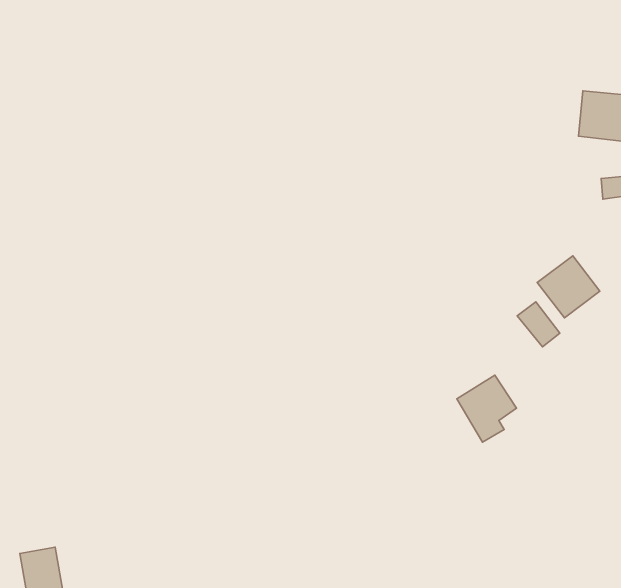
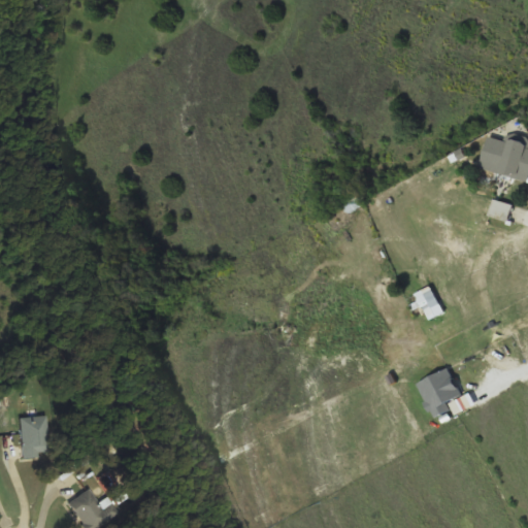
building: [537,256,600,318] -> none
building: [457,375,516,442] -> [419,368,462,417]

